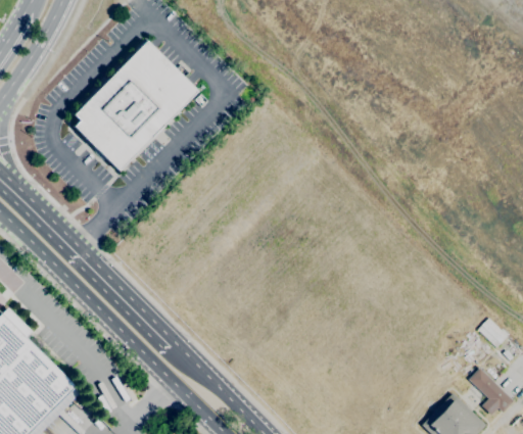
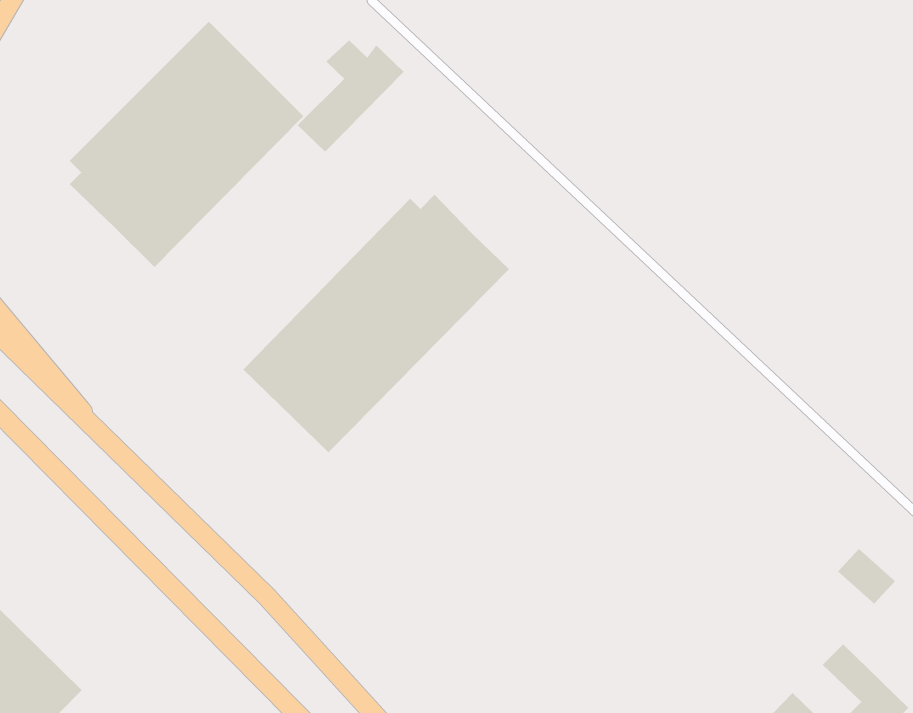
building: none -> [297,40,405,152]
building: none -> [242,194,510,453]

